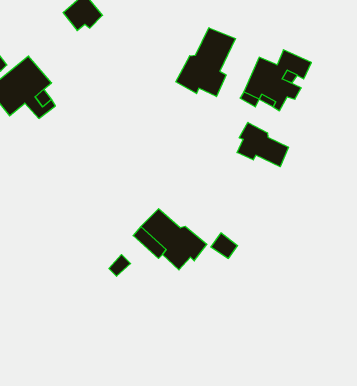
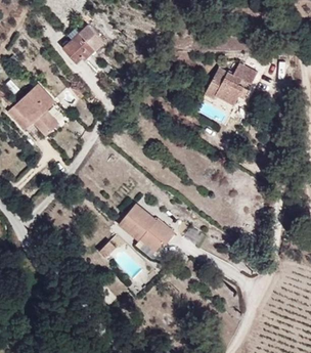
building: [176,28,235,97] -> none
building: [237,122,288,167] -> none

